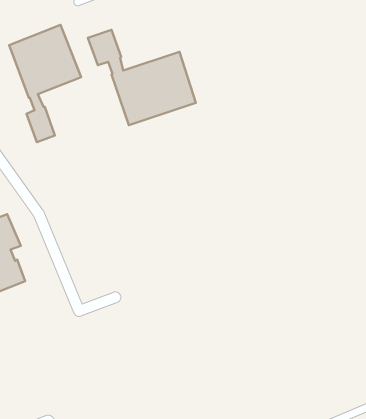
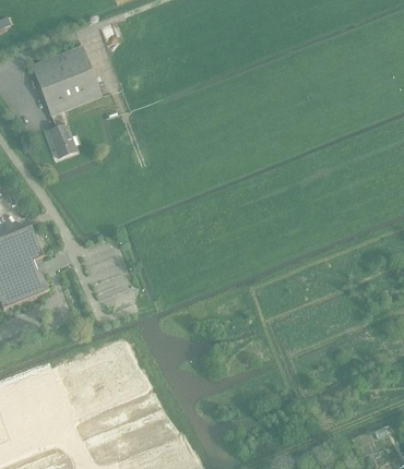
building: [88,30,196,125] -> none

